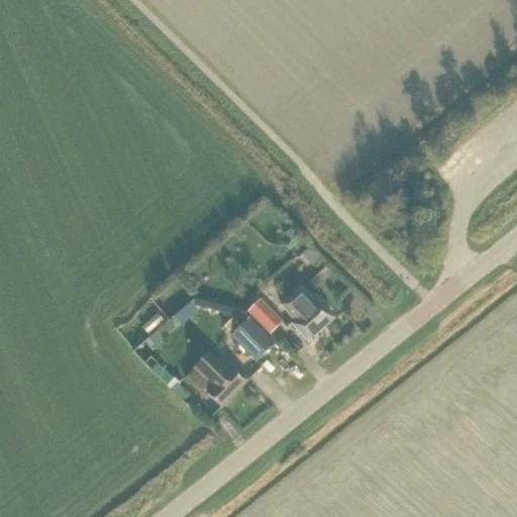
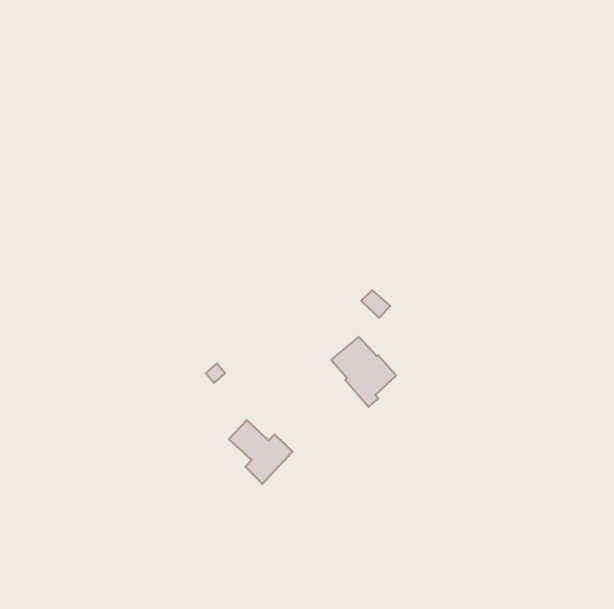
building: [246,296,281,331] -> none
building: [229,315,273,358] -> none

